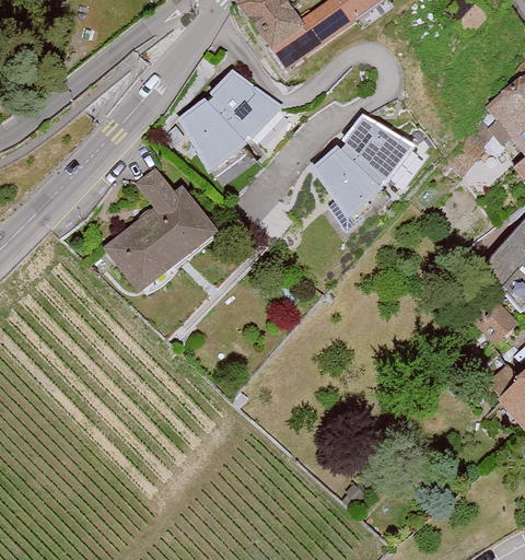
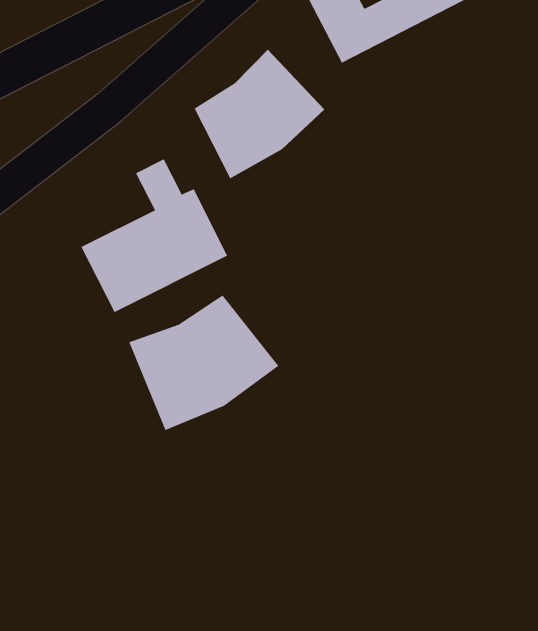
building: [313,113,420,217] -> none
building: none -> [128,295,279,431]

